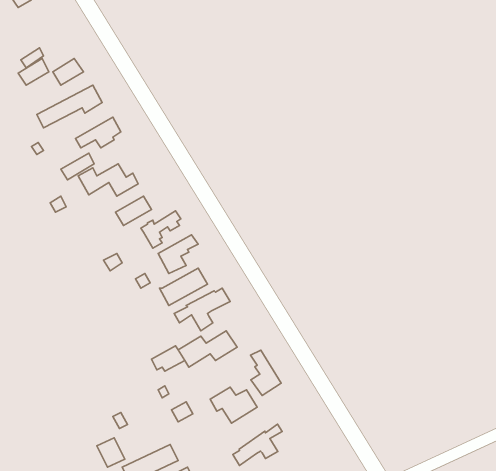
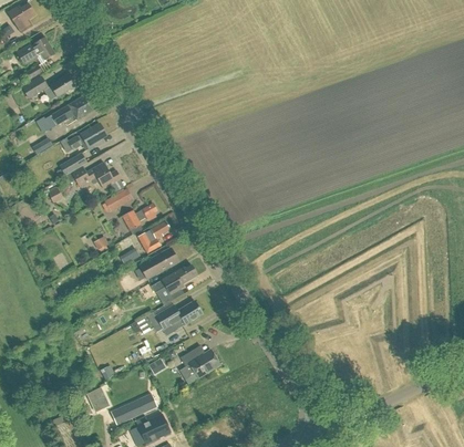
building: none -> [17,38,55,65]
building: [251,350,281,395] -> none
building: [233,424,282,465] -> none

